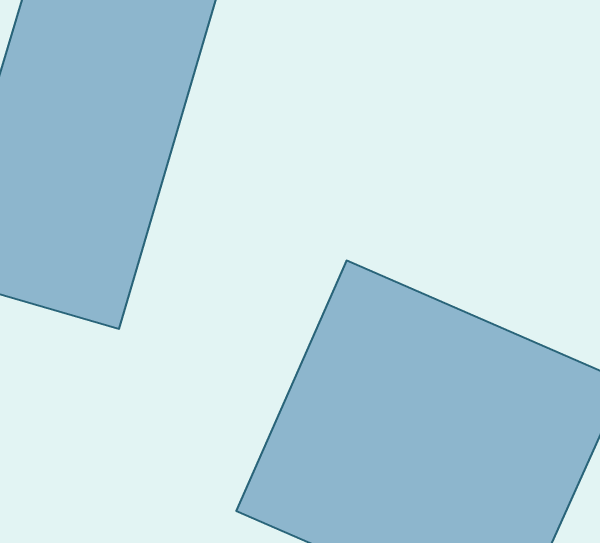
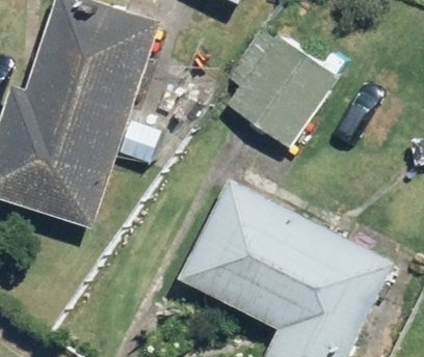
building: none -> [224,37,334,149]

